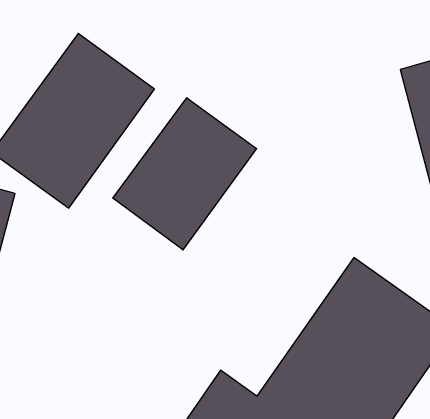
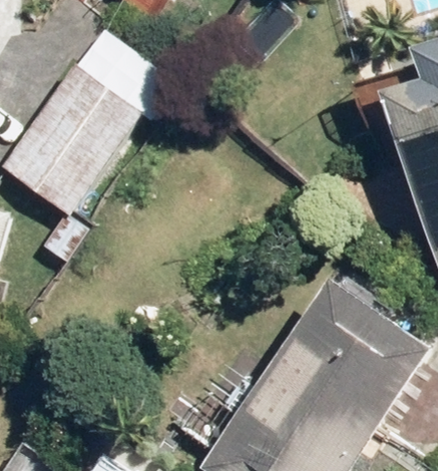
building: [113,98,257,250] -> none

